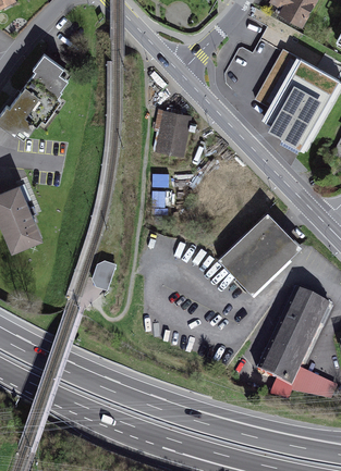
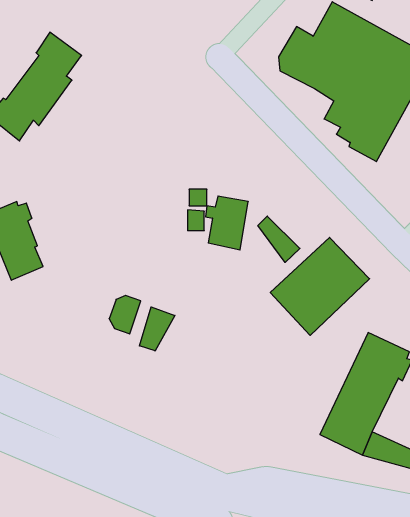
building: [155,113,188,156] -> [206,196,248,250]
building: none -> [258,216,300,262]
building: none -> [139,307,175,351]

